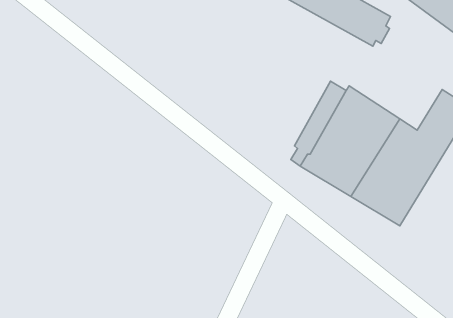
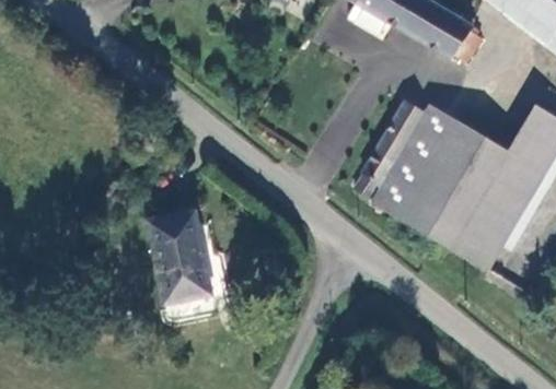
building: none -> [140,216,201,307]

